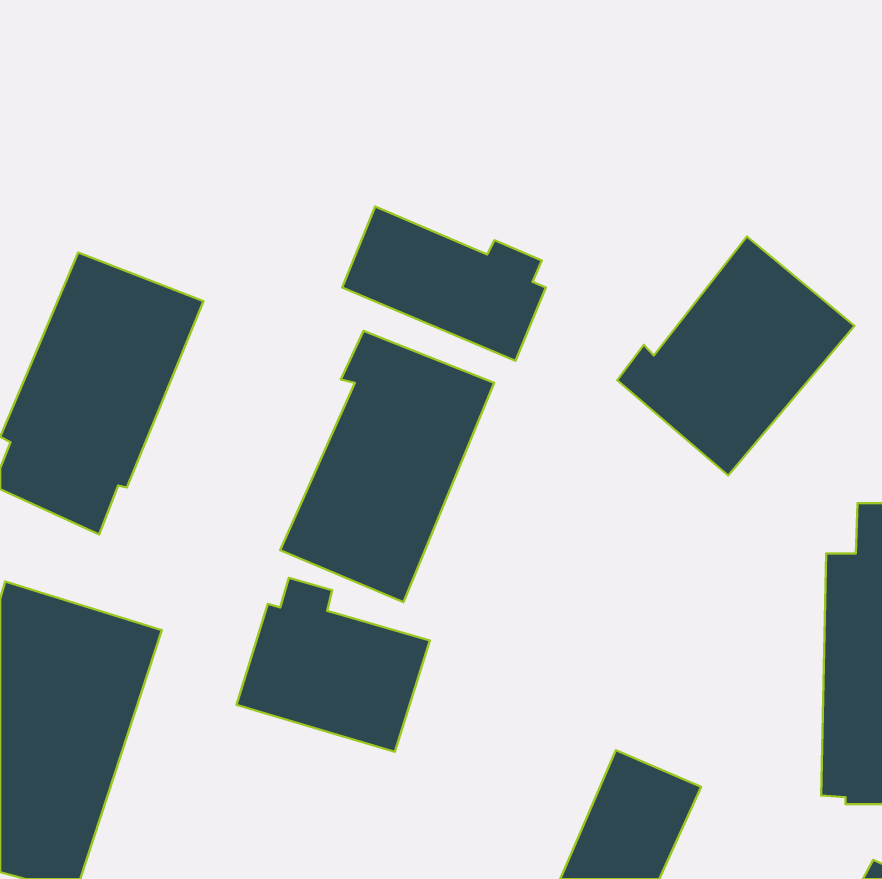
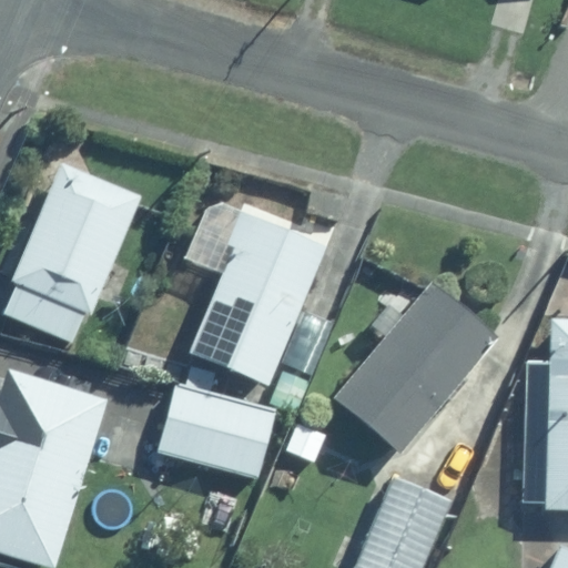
building: [342,207,546,361] -> none
building: [617,236,854,476] -> none
building: none -> [337,286,499,456]

